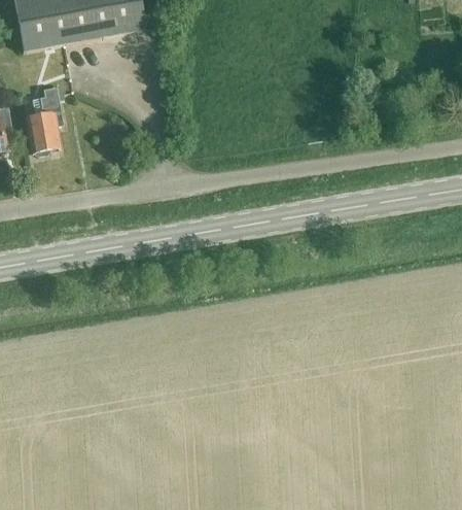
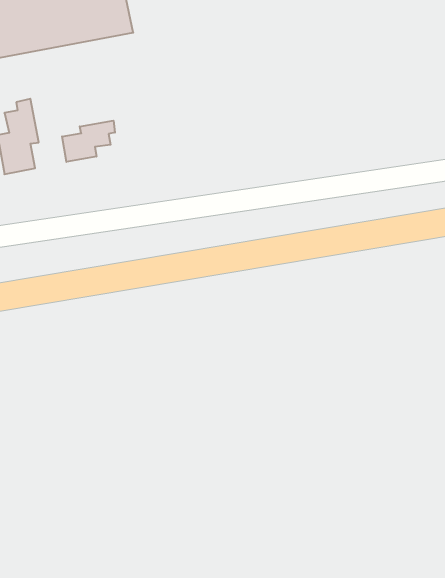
building: none -> [62,121,115,162]

